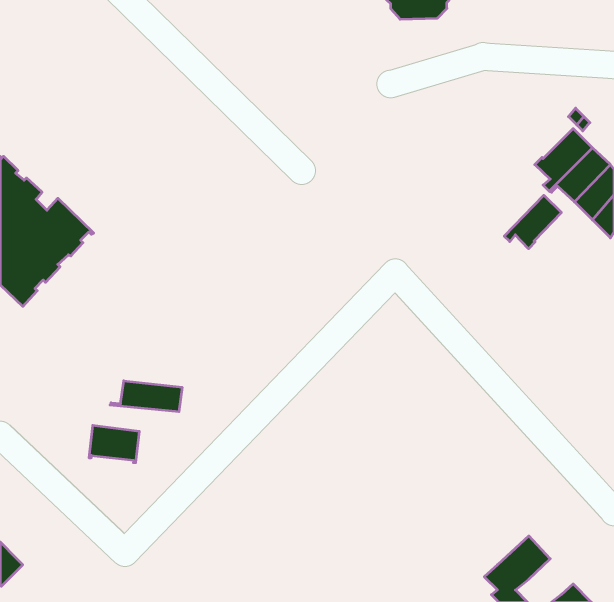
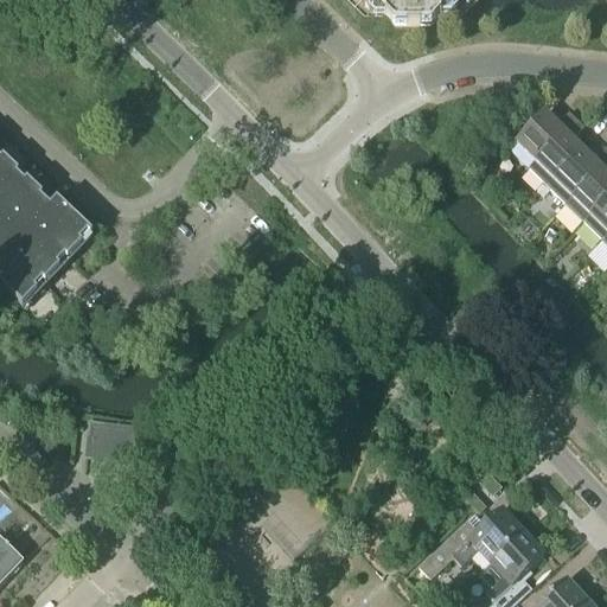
building: none -> [516,108,566,156]
building: [504,195,561,249] -> none
building: [110,381,182,412] -> none
building: none -> [418,506,522,573]

